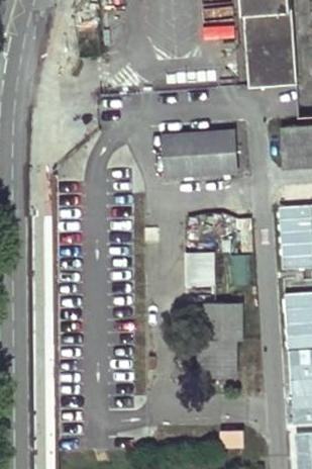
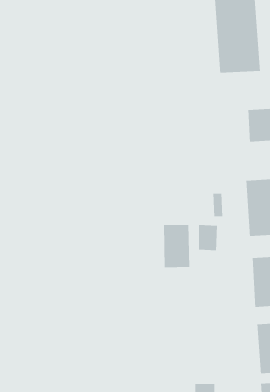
building: [159,129,234,176] -> none
building: [201,303,244,378] -> none

